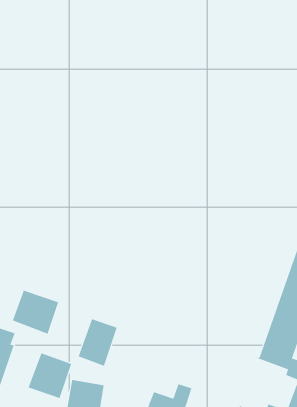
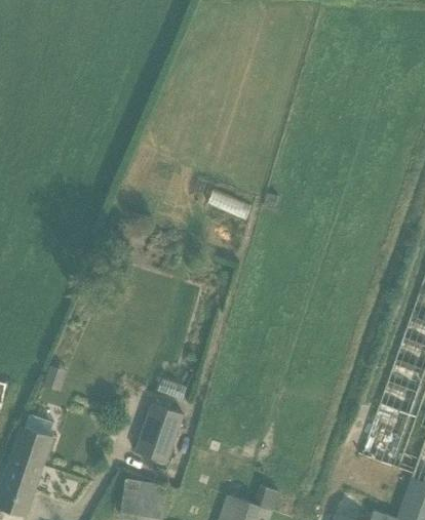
building: [12,290,59,334] -> none
building: [28,352,72,399] -> none

